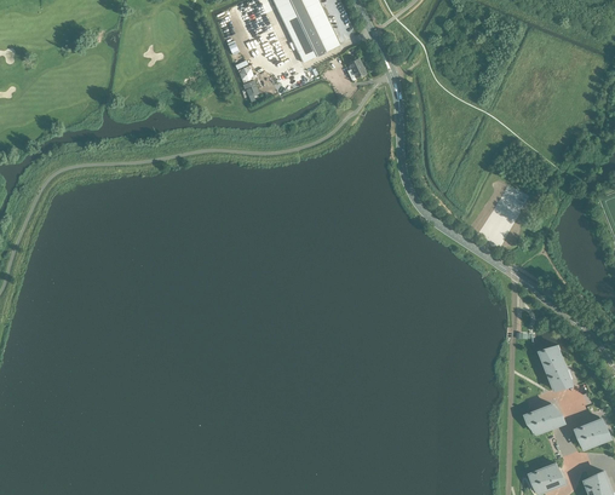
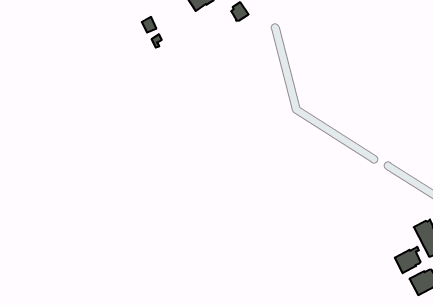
building: none -> [395,247,421,273]

